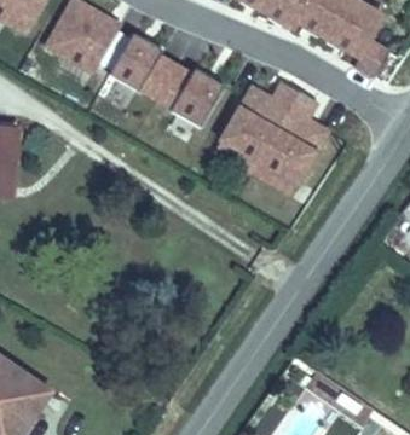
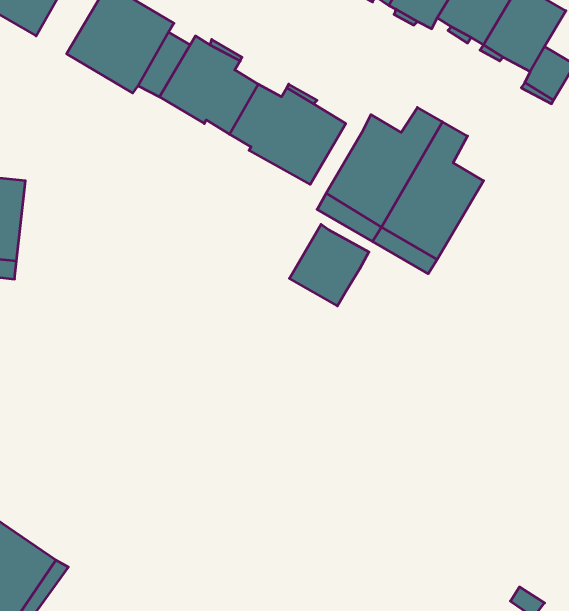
building: none -> [289,224,369,306]

